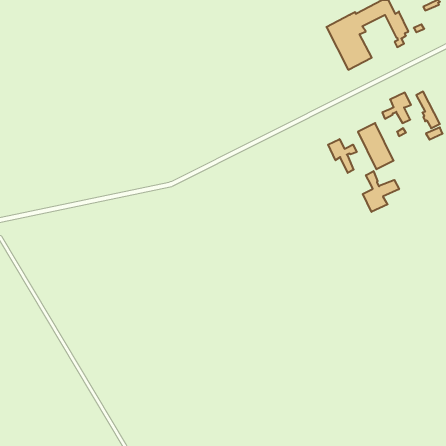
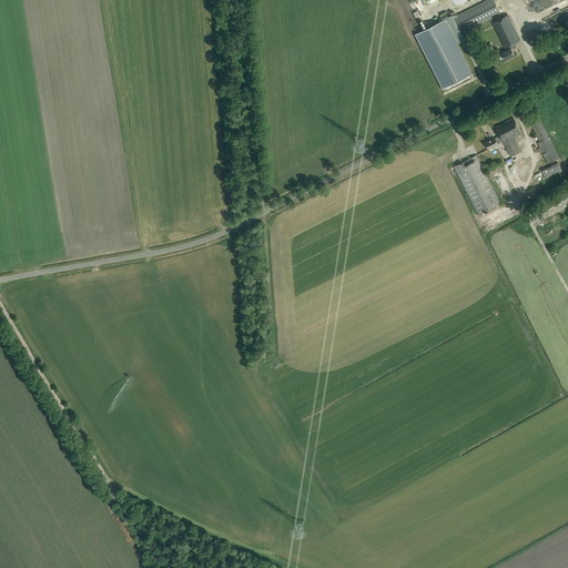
building: [328,139,357,173] -> none
building: [363,171,399,212] -> none

